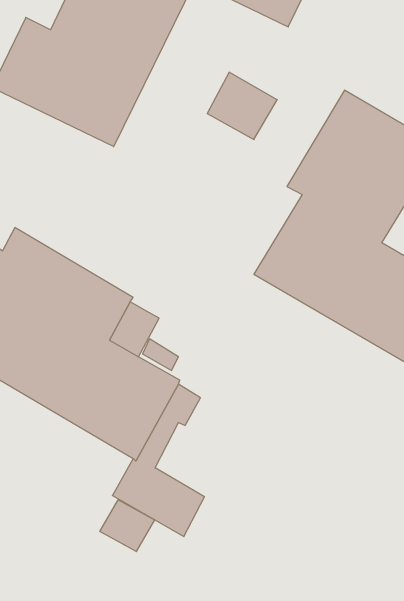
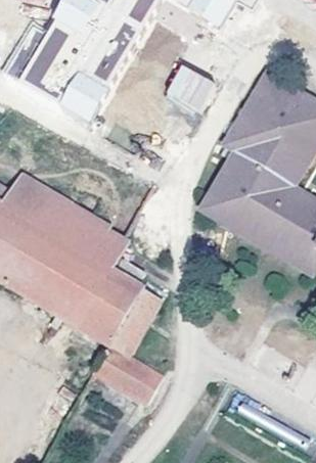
building: [100,500,155,552] -> none

